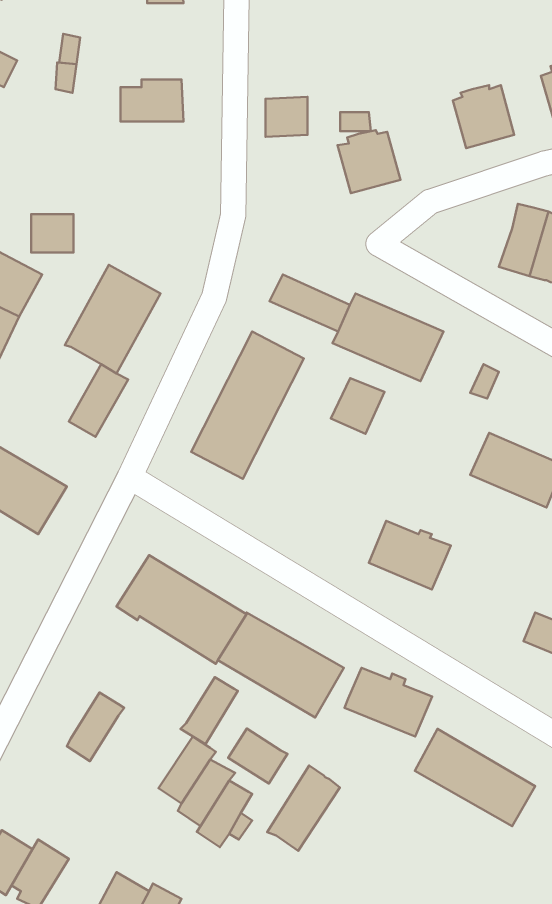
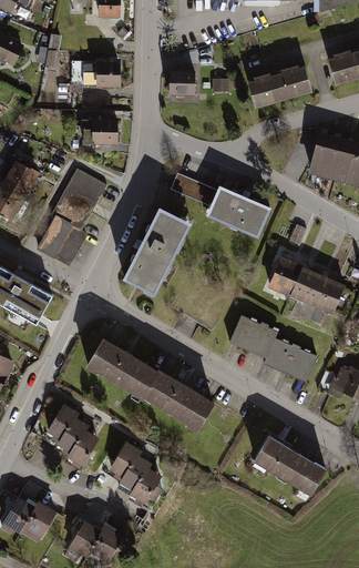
building: [338,130,401,193] -> [249,71,286,108]
building: [31,214,73,252] -> [94,121,119,143]
building: none -> [38,215,74,258]
building: [331,378,384,434] -> [268,257,299,290]
building: [344,668,432,737] -> [264,338,315,378]
building: none -> [43,404,76,443]
building: [181,677,238,744] -> [64,429,98,468]
building: [228,728,287,783] -> none
building: [267,765,340,851] -> none

